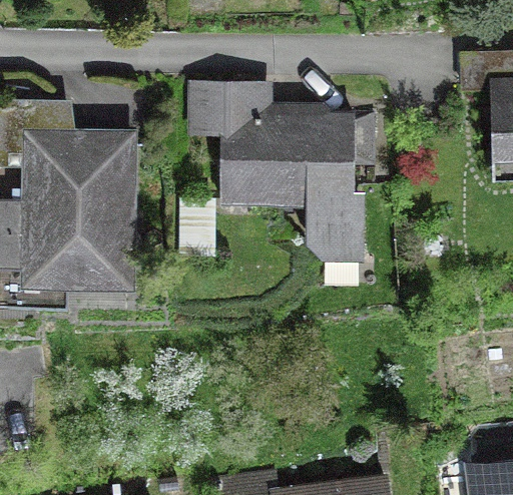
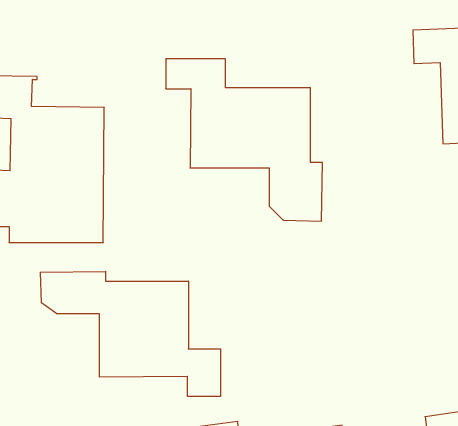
building: none -> [40,271,221,396]

